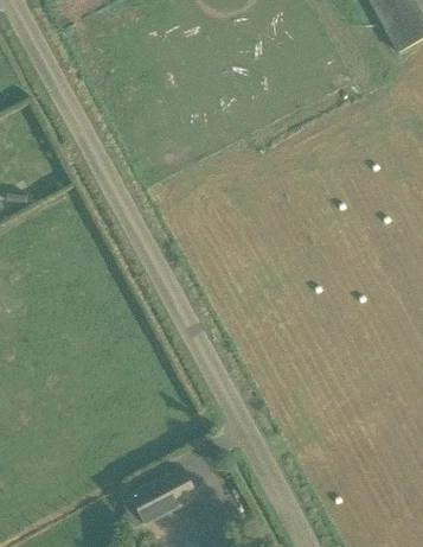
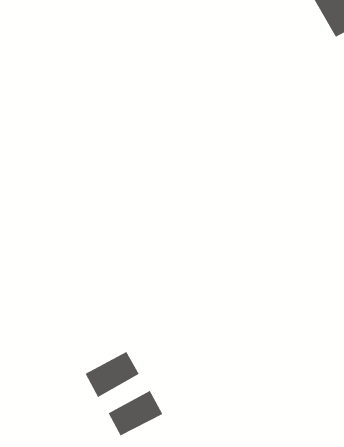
building: none -> [85,351,139,398]

